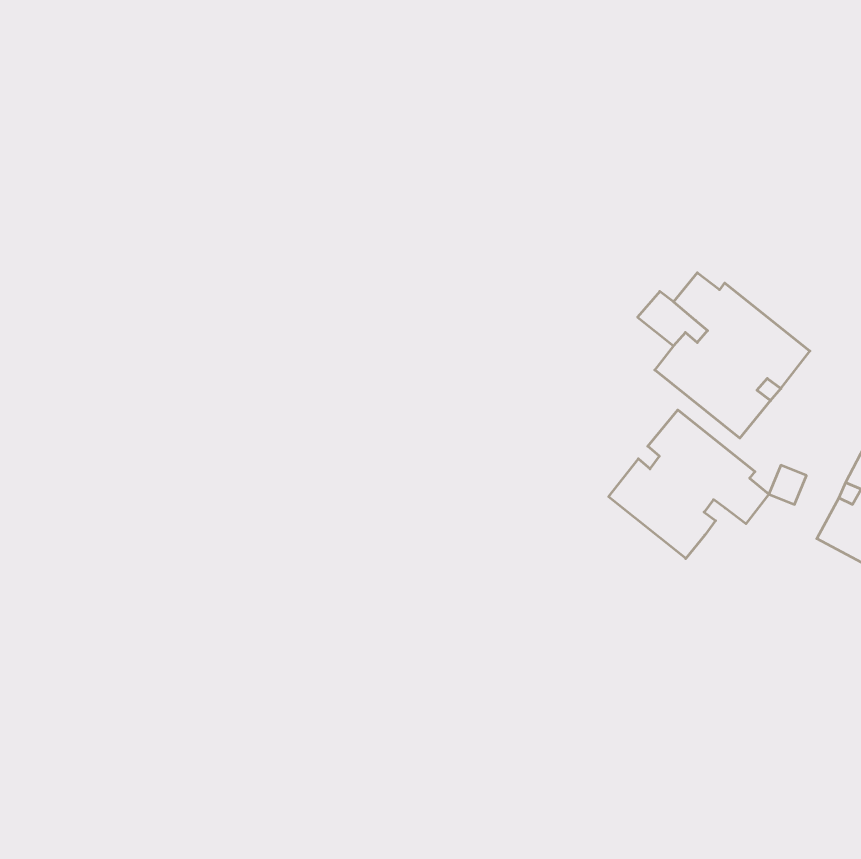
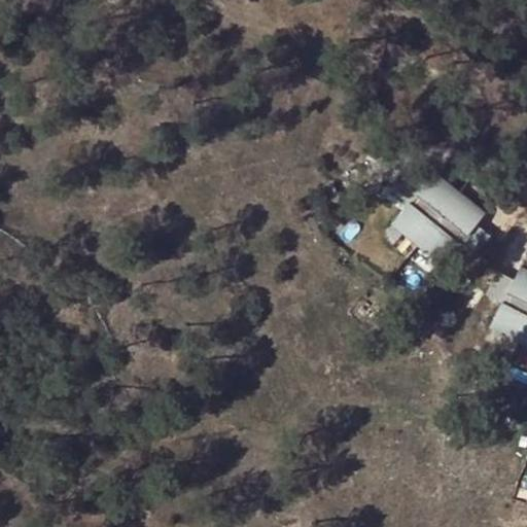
building: [609,410,769,559] -> none

